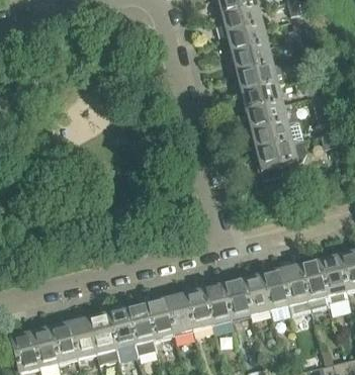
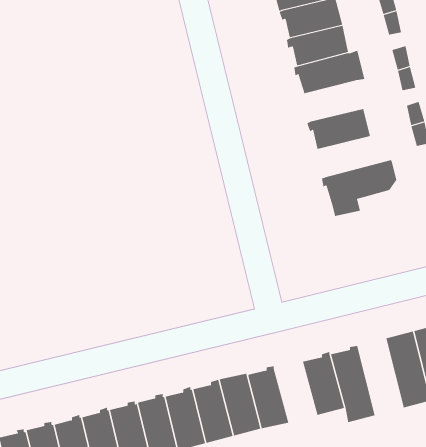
building: [239,85,282,113] -> none
building: [248,120,301,152] -> none
building: [278,263,309,316] -> none
building: [220,277,250,321] -> none

